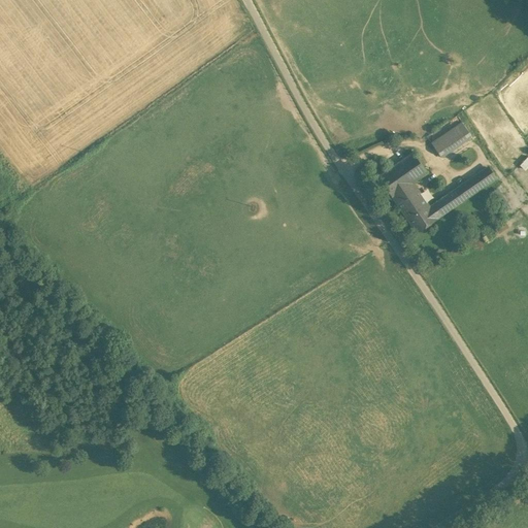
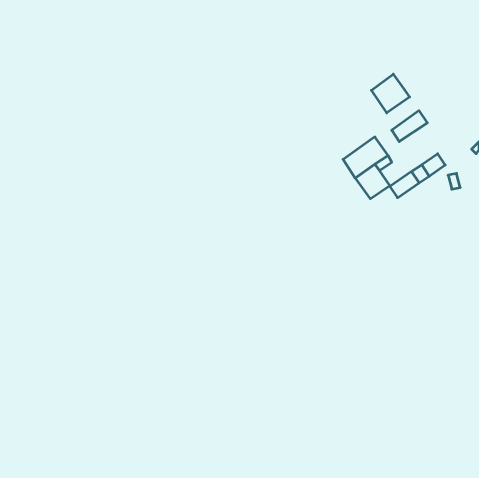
building: none -> [371,74,410,113]
building: [407,205,437,233] -> none

